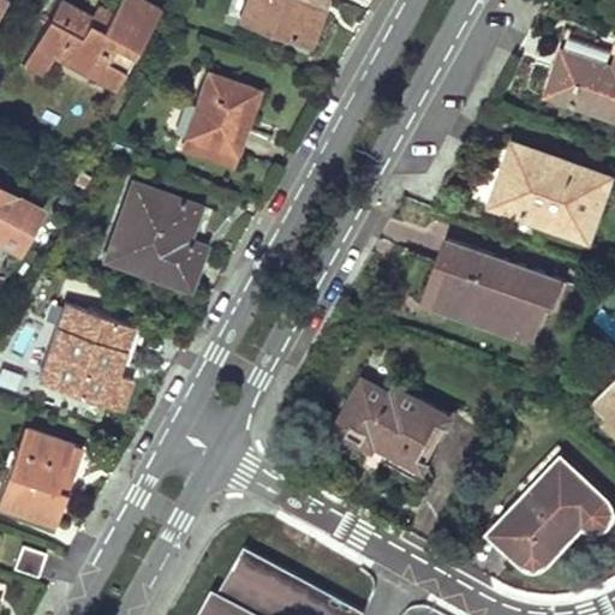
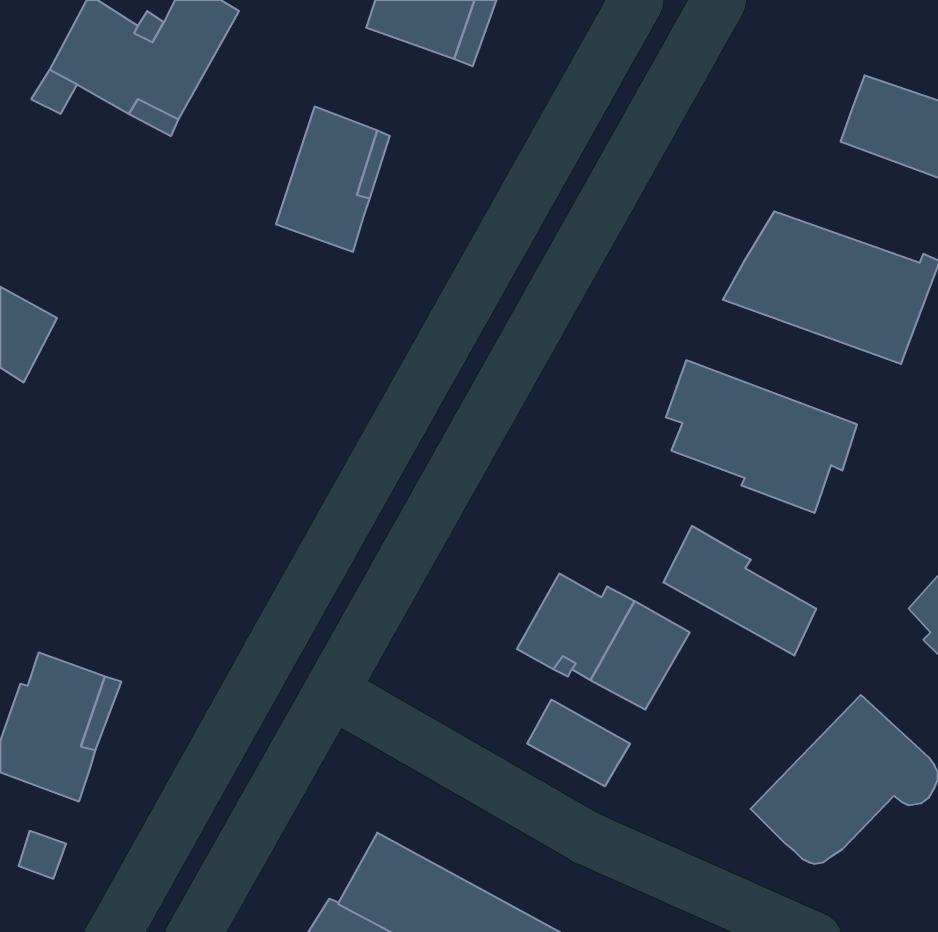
building: [105,185,202,291] -> none
building: [36,306,132,412] -> none
building: none -> [663,526,816,656]
building: none -> [527,700,630,786]

